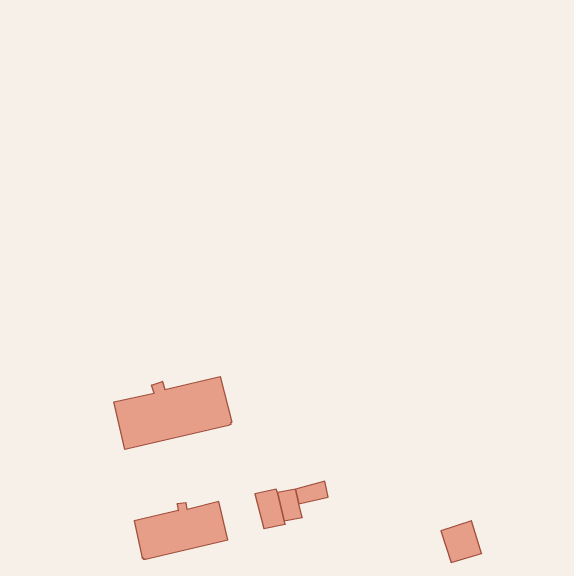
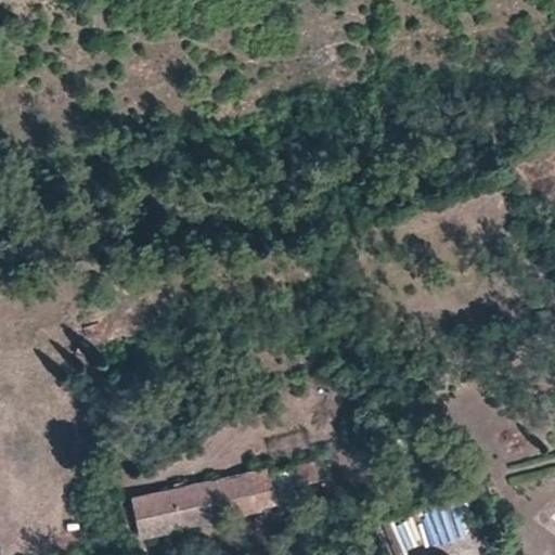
building: [114,377,232,449] -> none
building: none -> [210,475,255,519]

